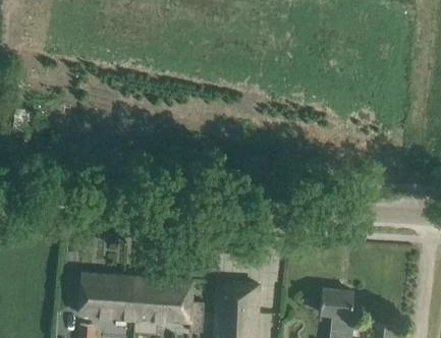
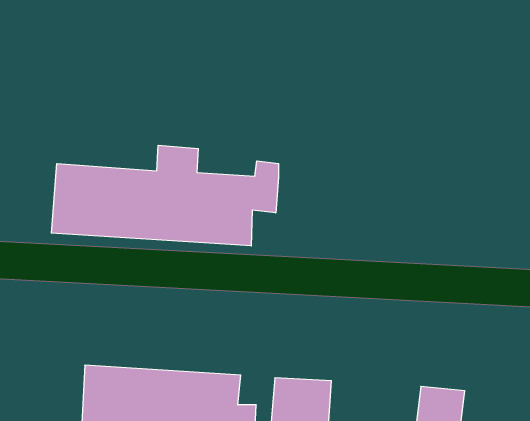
building: none -> [51,145,279,246]

